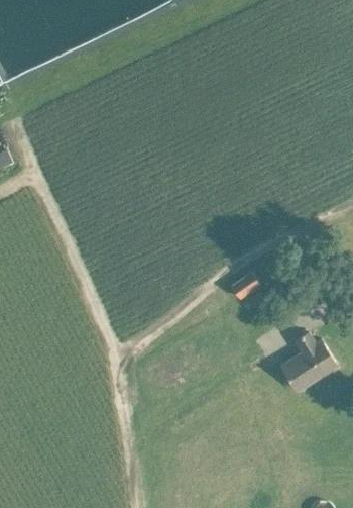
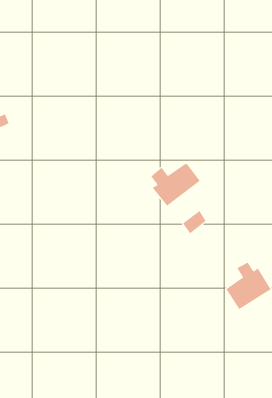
building: none -> [150,162,201,207]

